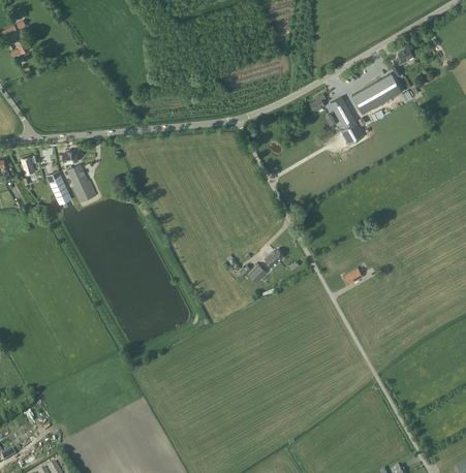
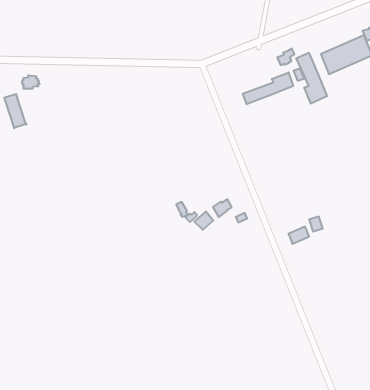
building: none -> [243,72,293,104]
building: [66,163,97,202] -> none

